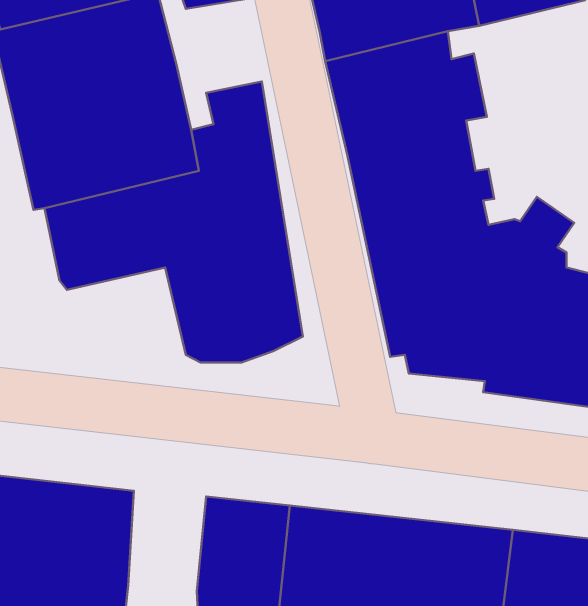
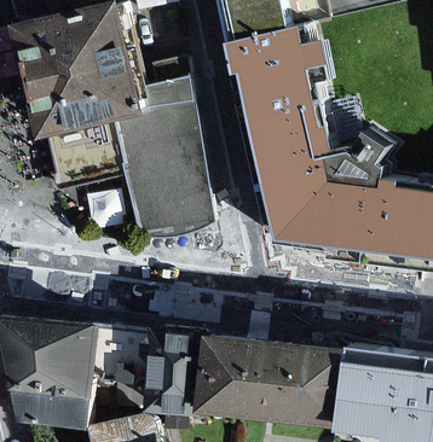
building: none -> [102,321,152,386]

